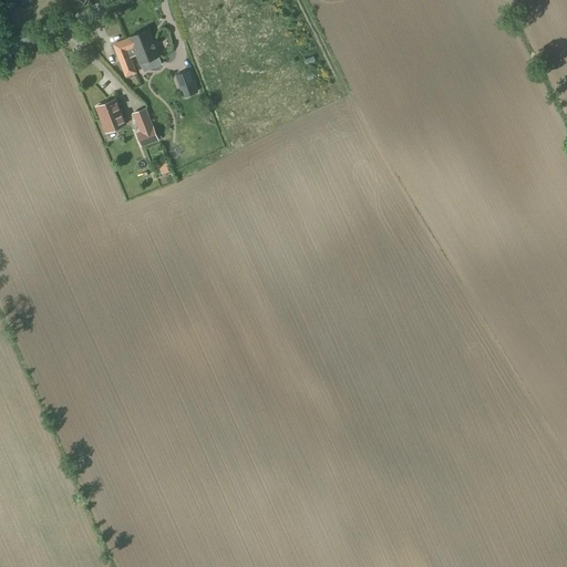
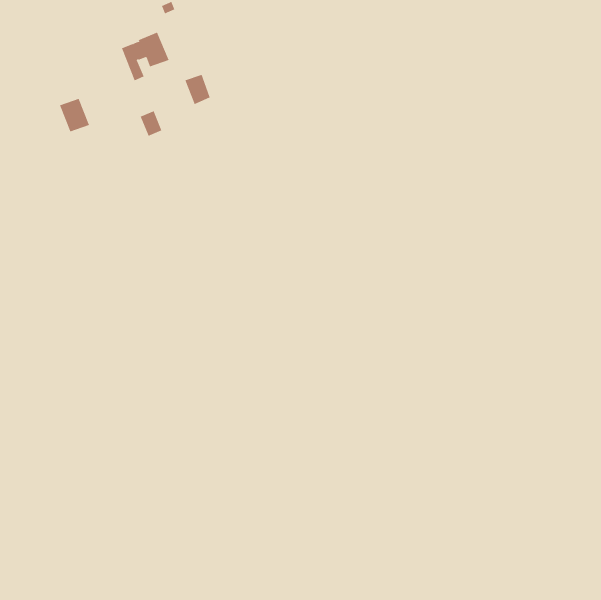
building: [96,101,125,133] -> [59,98,90,132]

